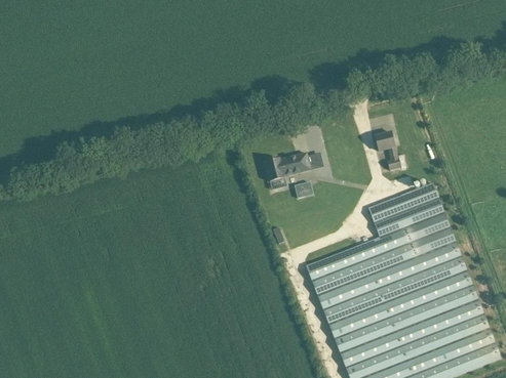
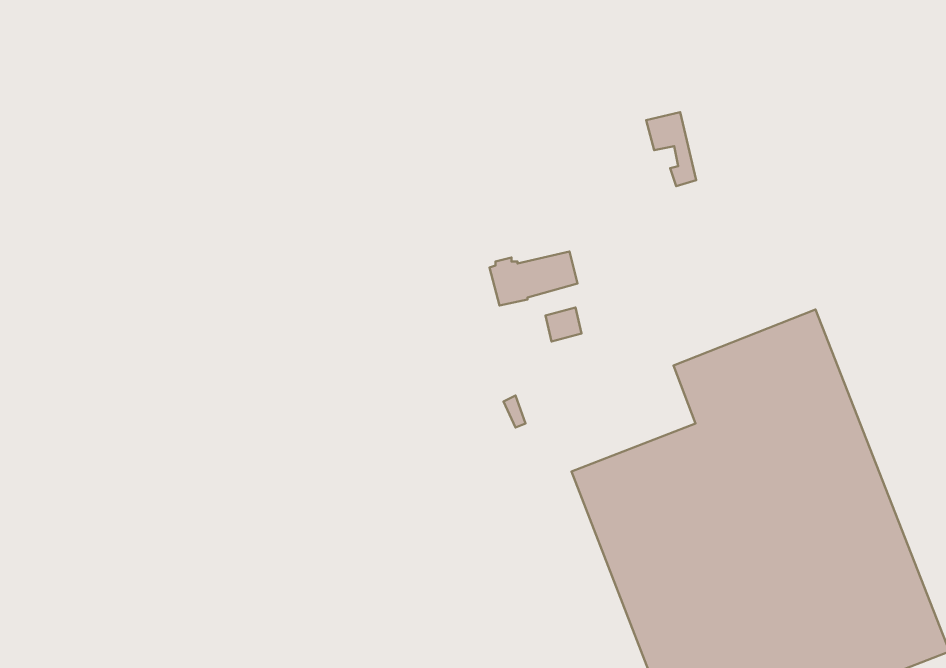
building: [374,131,399,169] -> [646,112,696,186]

